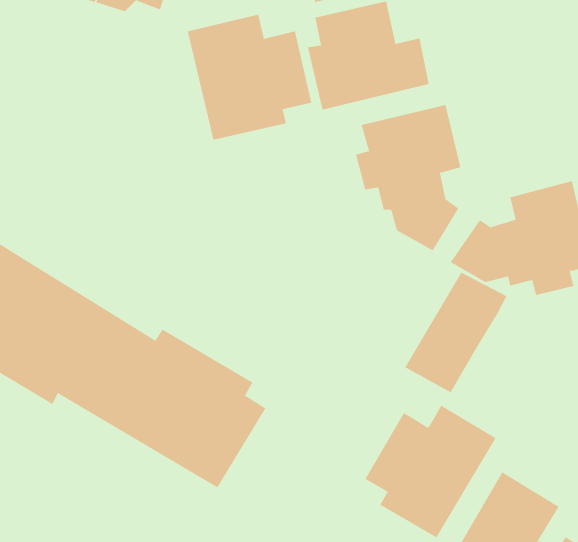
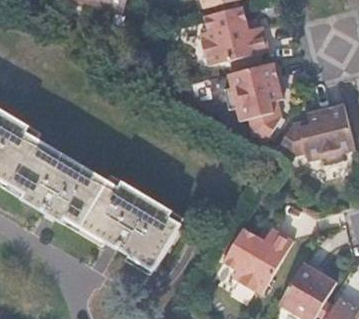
building: [187,14,312,141] -> none
building: [404,272,507,393] -> none

